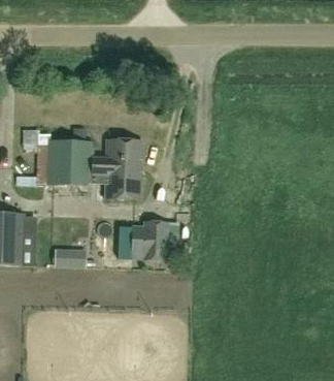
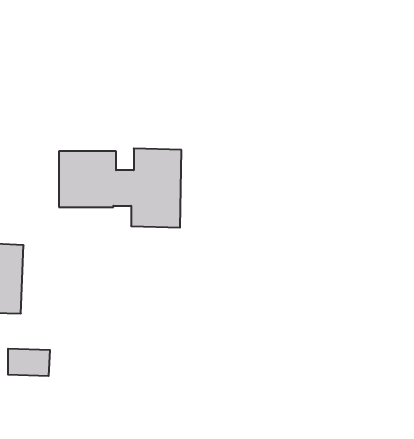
building: [132,220,167,259] -> none
building: [55,246,87,266] -> [8,349,50,376]

